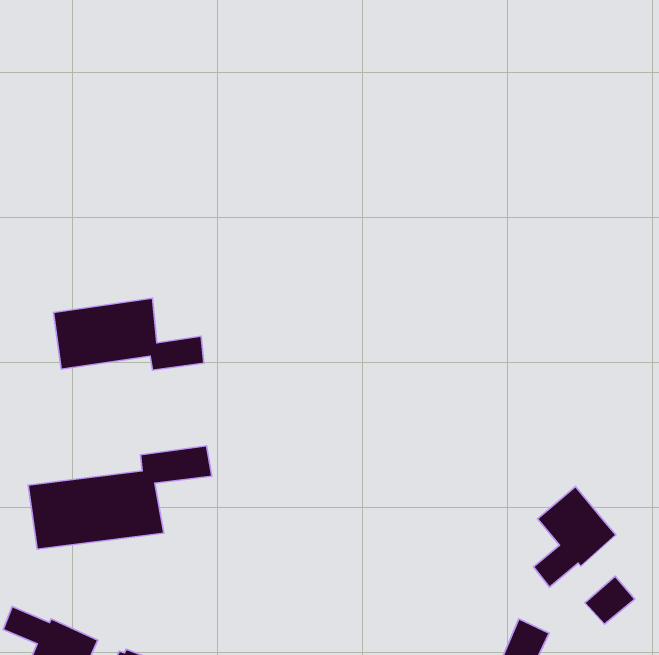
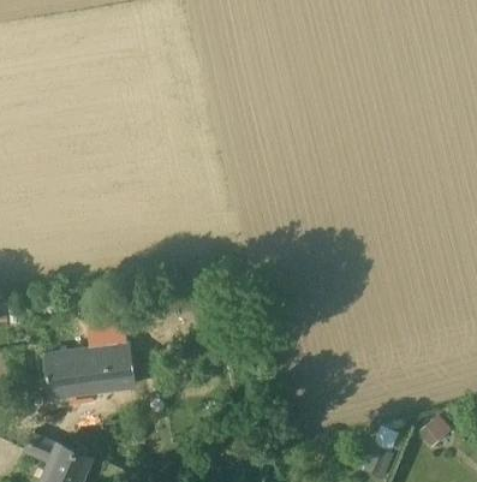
building: [54,298,204,370] -> none
building: [533,487,616,587] -> none

